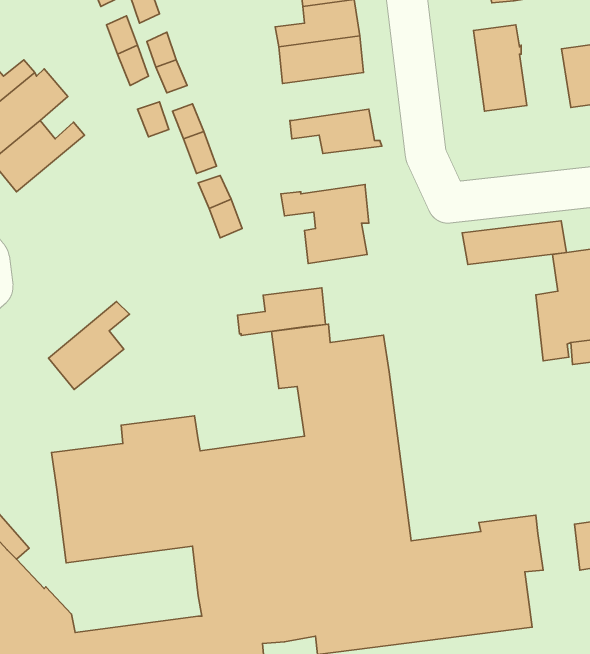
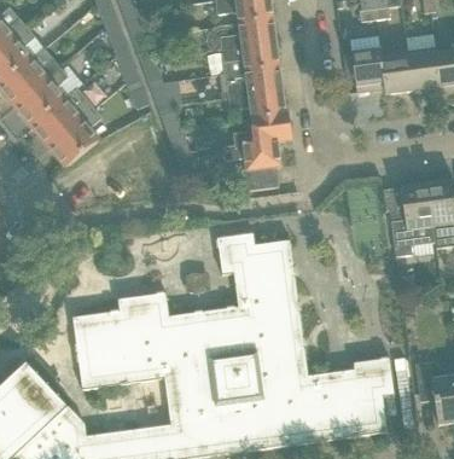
building: none -> [379,50,413,93]
building: none -> [223,65,280,97]
building: [462,221,567,265] -> none
building: [238,288,326,336] -> [233,114,291,145]
building: [49,301,129,390] -> [48,106,101,164]

